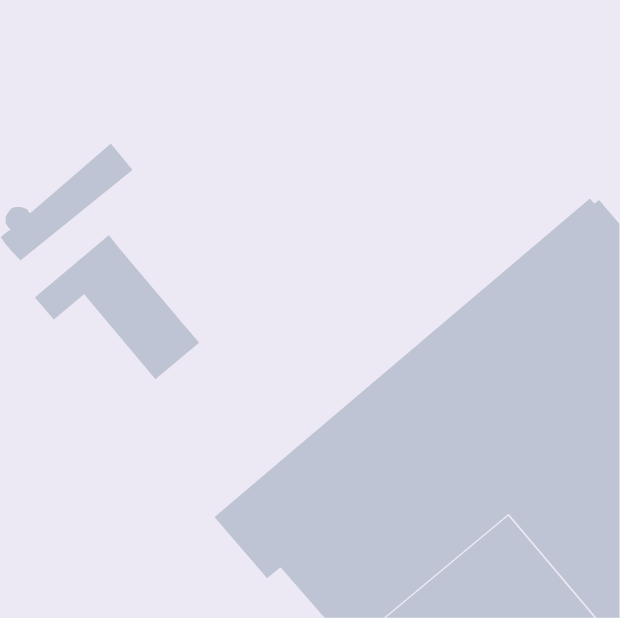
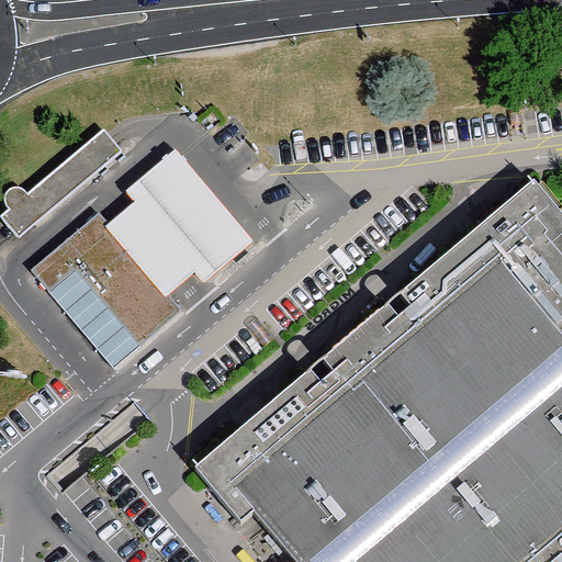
building: none -> [108,149,252,294]
building: none -> [48,267,140,368]

